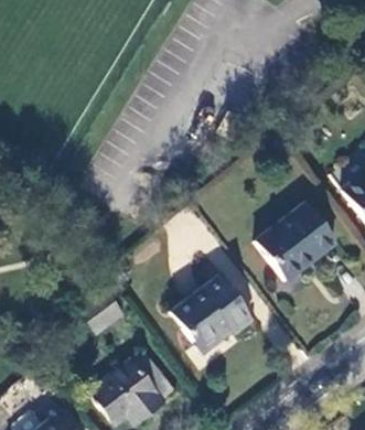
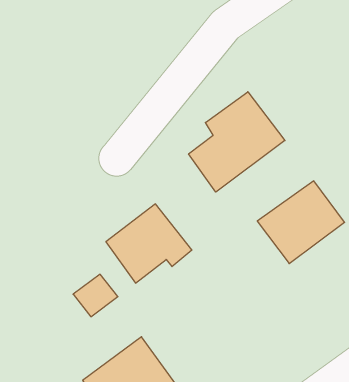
building: none -> [189,92,285,192]
building: [173,277,254,351] -> [106,204,192,283]

